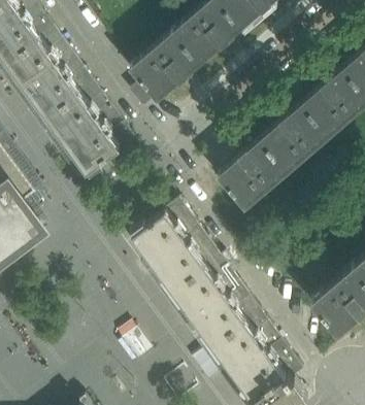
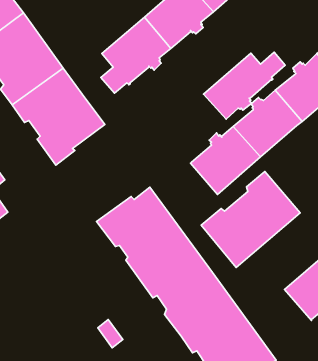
building: none -> [204,52,285,119]
building: none -> [201,171,300,268]

